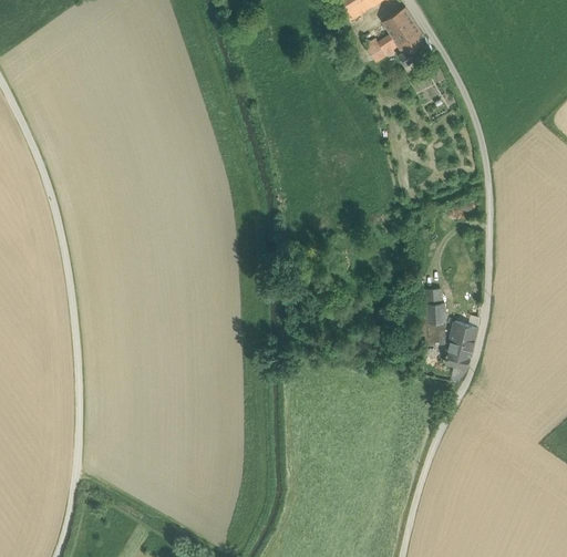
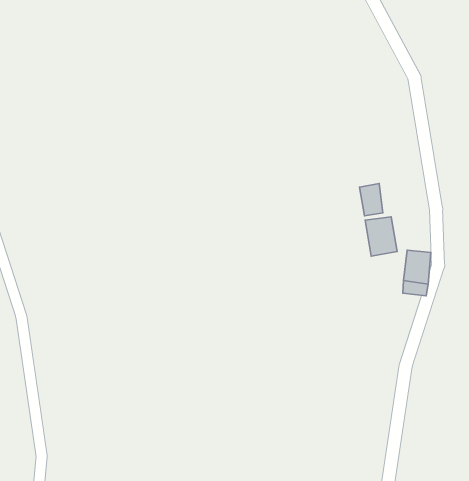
building: none -> [360,183,383,216]

